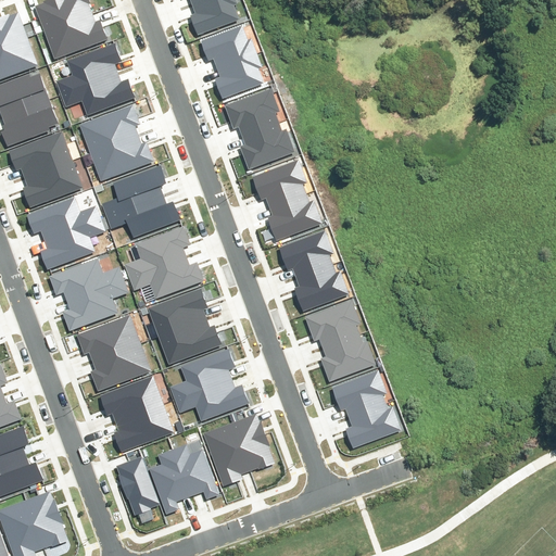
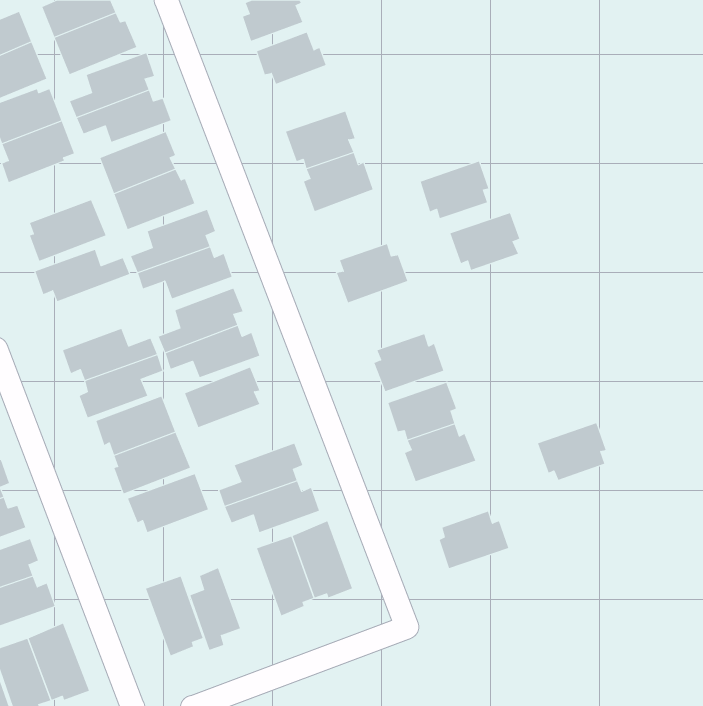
building: [214,52,262,97] -> none
building: [9,129,72,176] -> none
building: [251,160,305,205] -> [420,161,489,219]
building: [40,216,106,267] -> none
building: [279,230,334,276] -> [450,212,520,271]
building: [155,318,219,366] -> none
building: [330,369,384,415] -> [537,422,606,481]
building: [114,401,175,450] -> none
building: [172,442,219,497] -> none

